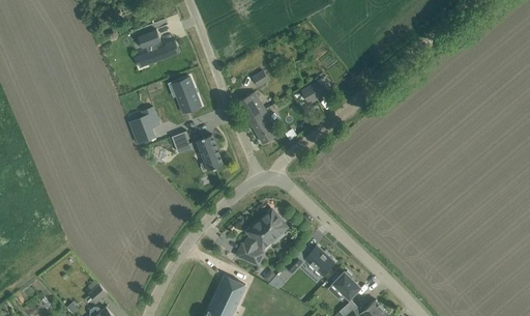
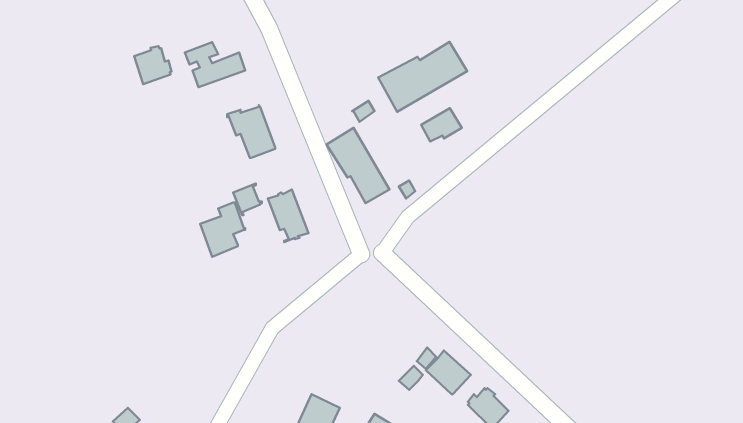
building: none -> [378,42,467,112]
building: none -> [134,46,171,84]
building: [128,106,159,143] -> [200,203,245,257]
building: [236,210,287,265] -> none

